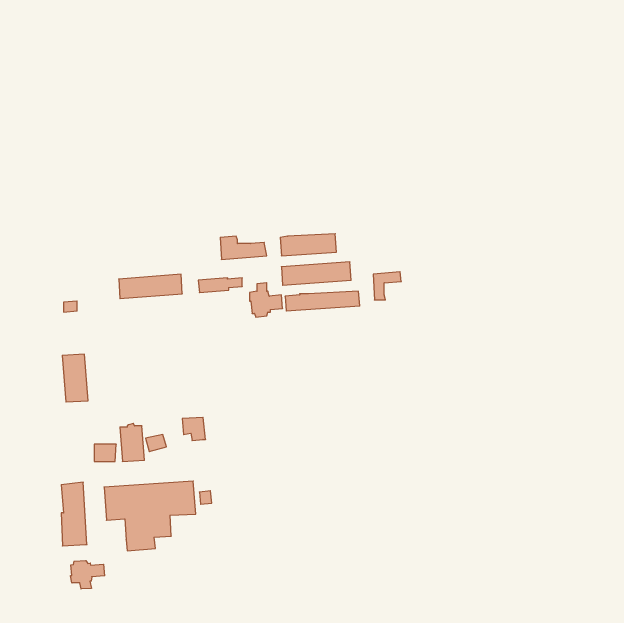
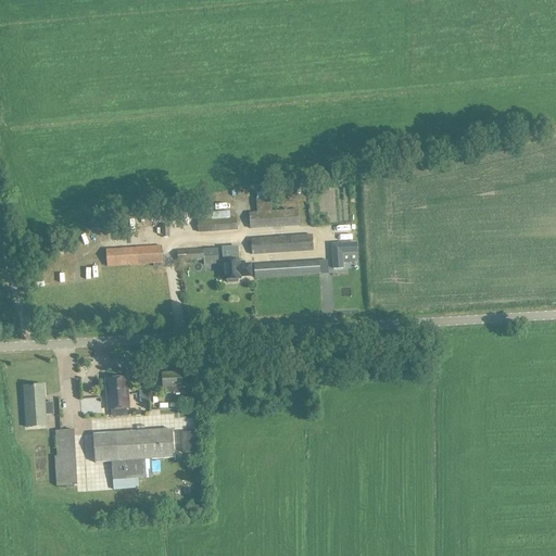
building: [62,354,88,402] -> [23,383,46,426]
building: [70,561,105,589] -> none

